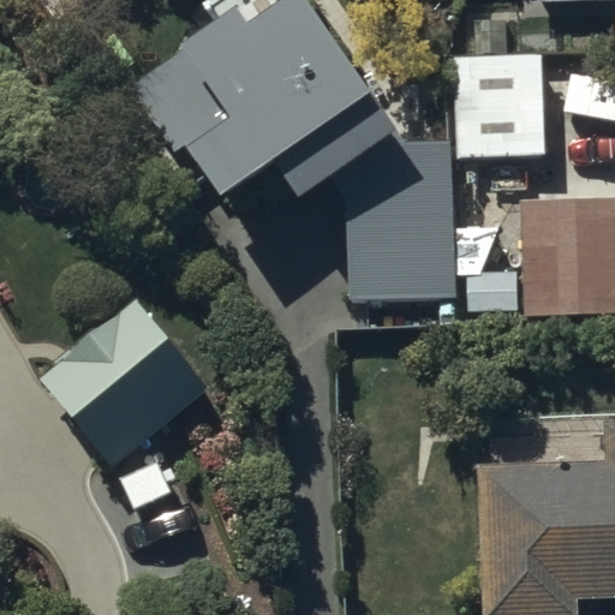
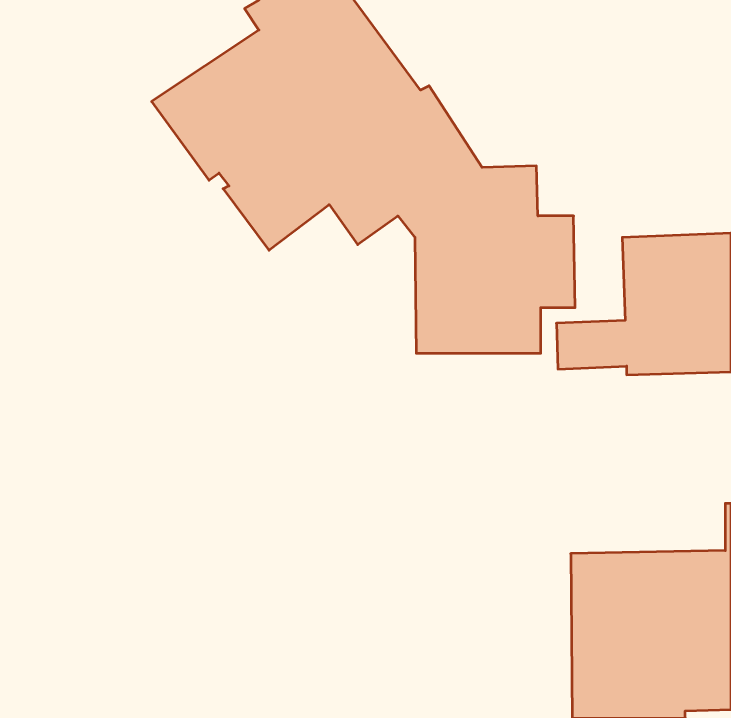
building: [444,55,542,154] -> none
building: [40,295,210,466] -> none

